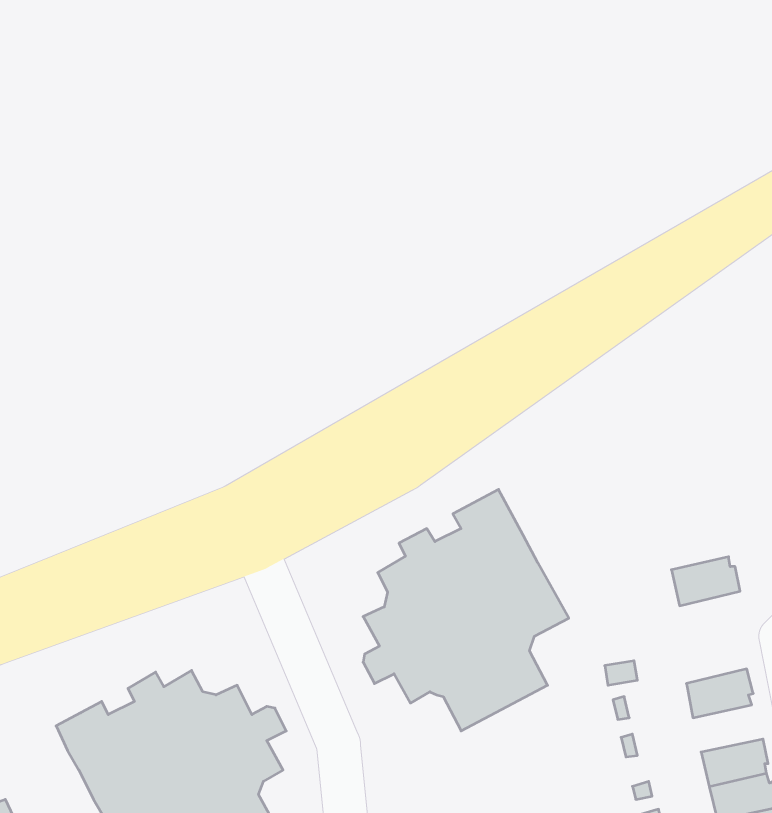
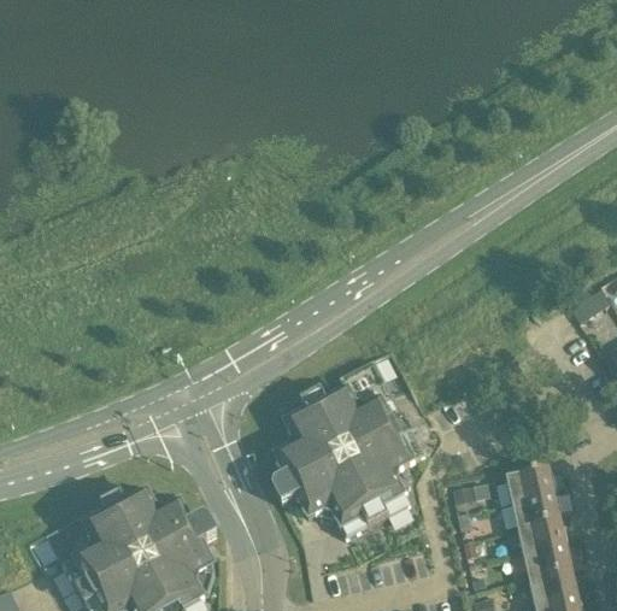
building: [671,557,740,606] -> [505,469,556,505]
building: none -> [516,521,568,556]

